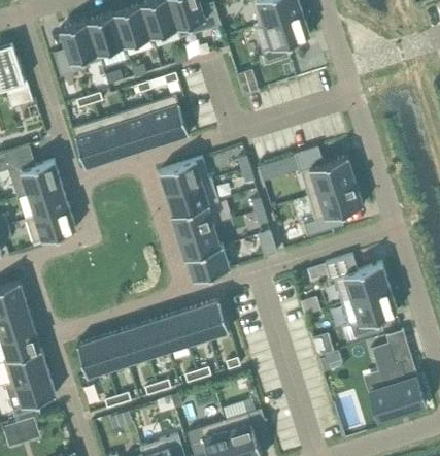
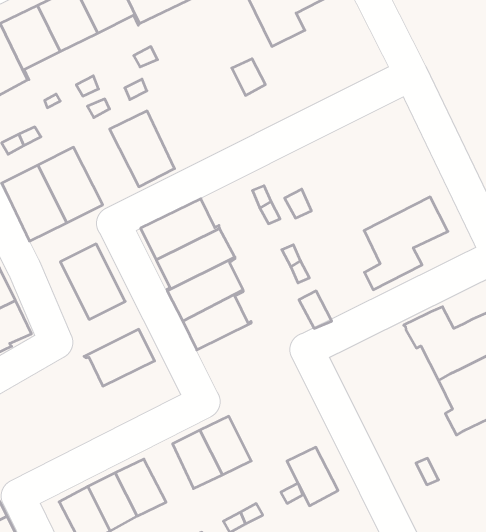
building: [123,103,162,153] -> [60,244,125,319]
building: [294,146,354,197] -> none
building: [183,247,230,281] -> [84,329,155,386]
building: [198,300,229,338] -> [287,447,338,506]
building: [137,319,167,357] -> none

